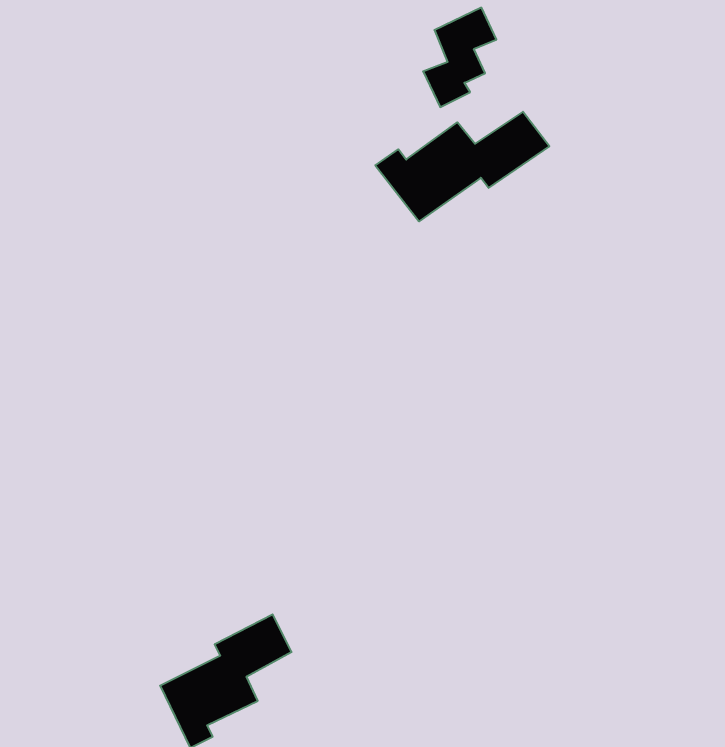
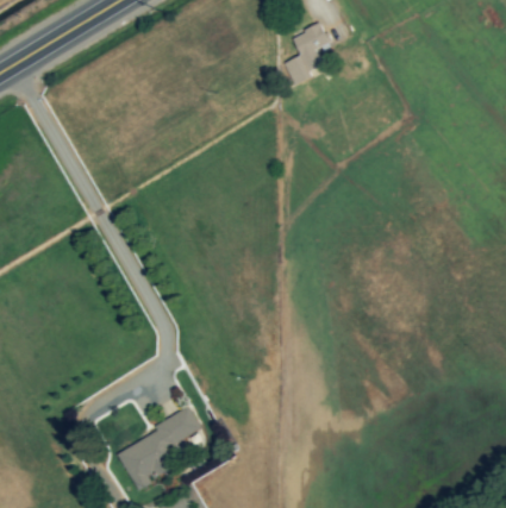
building: [375,112,549,221] -> none

